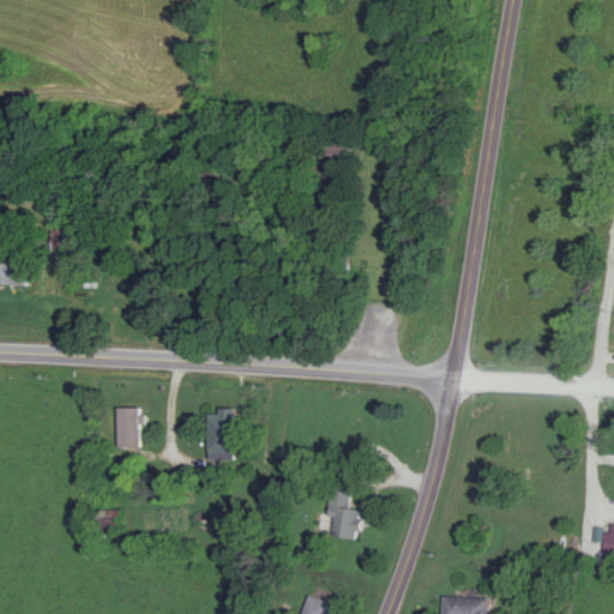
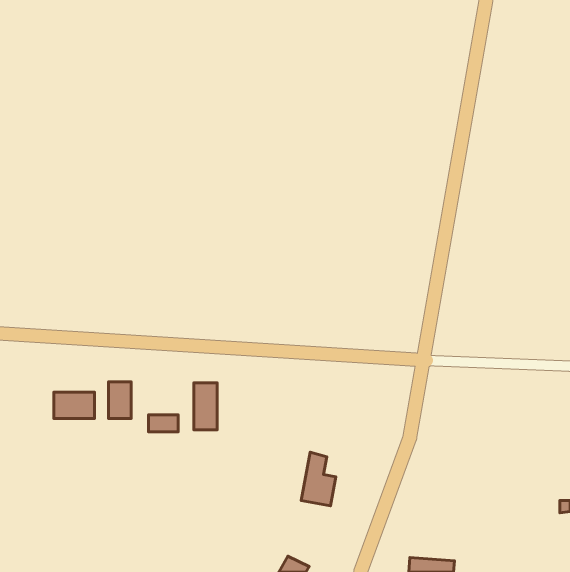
building: none -> [54,392,94,419]
building: none -> [148,415,178,432]

